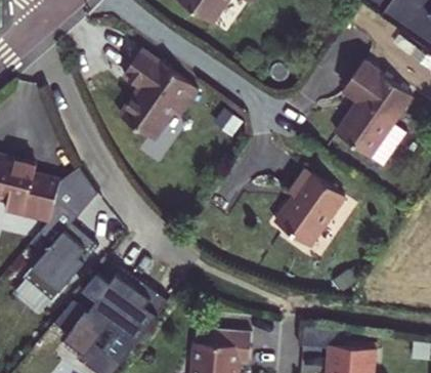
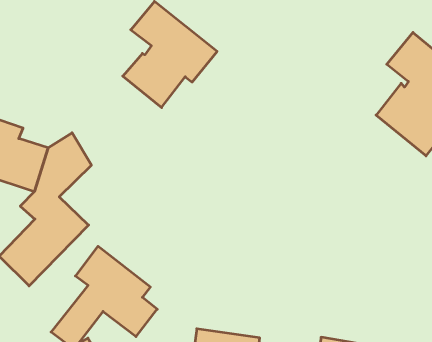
building: [275,170,344,247] -> none

